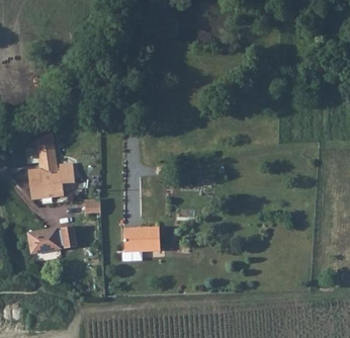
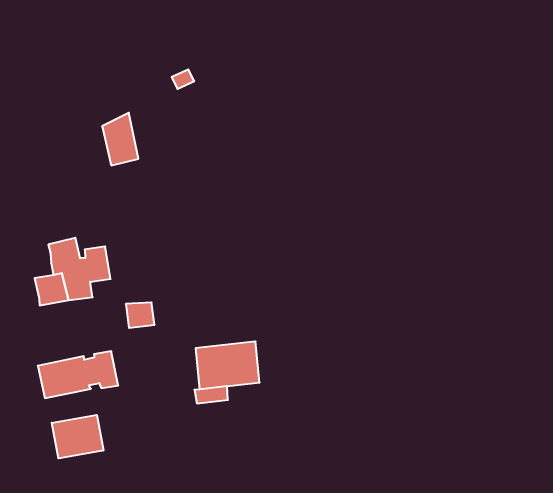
building: [36,132,57,162] -> [102,113,138,165]
building: none -> [52,415,103,458]

